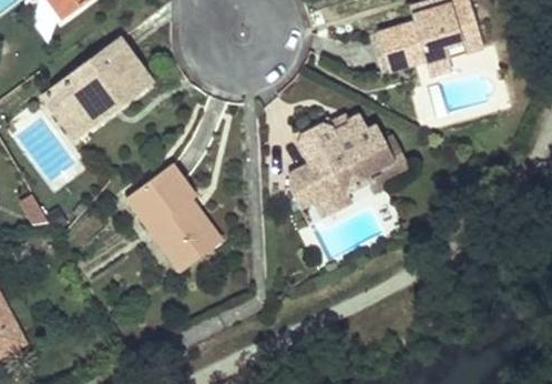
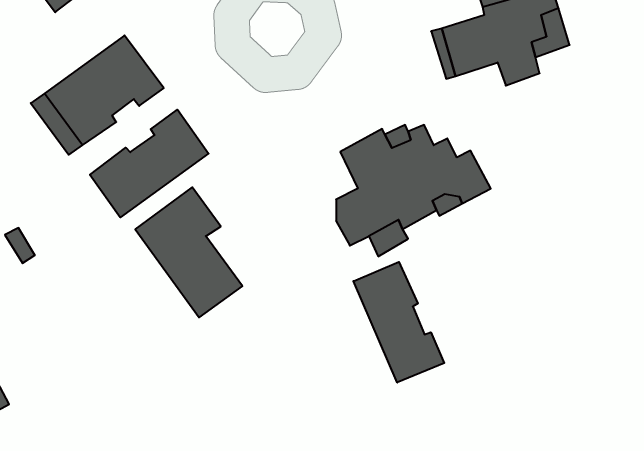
building: none -> [90,110,209,217]
building: none -> [353,262,444,383]

